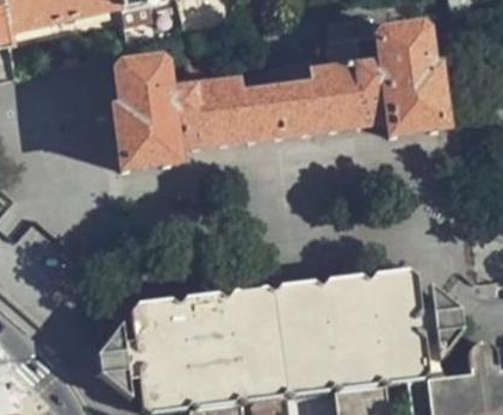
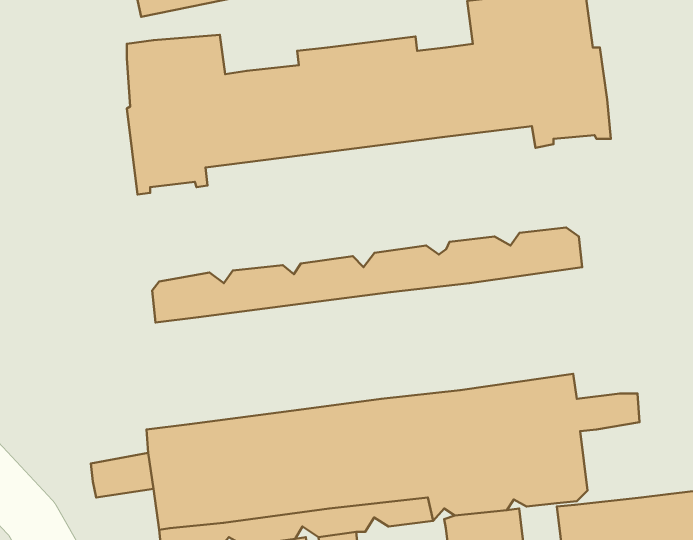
building: [128,264,414,327] -> [152,228,582,323]

